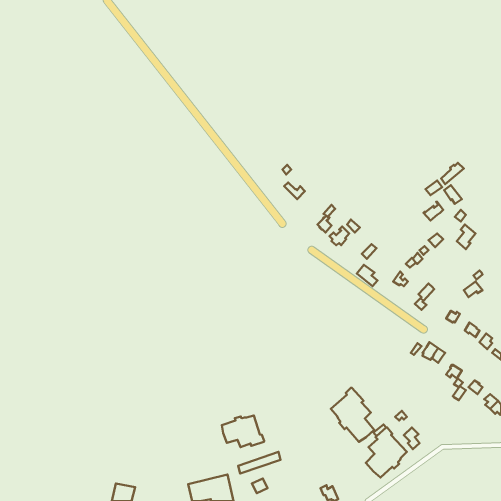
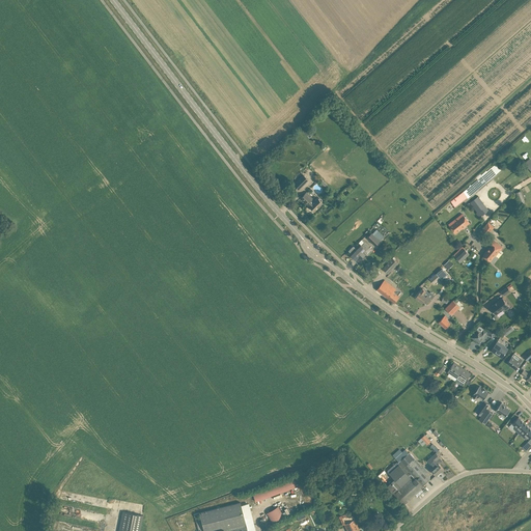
building: [331,388,374,442] -> none
building: [222,415,264,447] -> none

